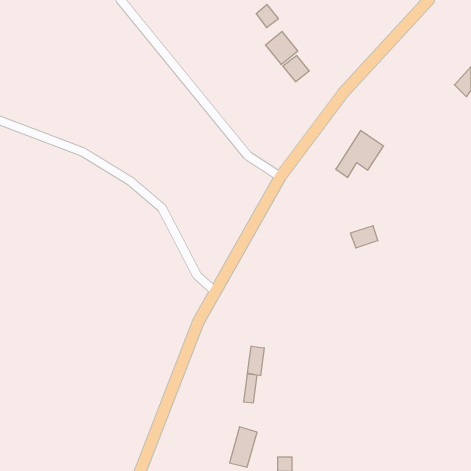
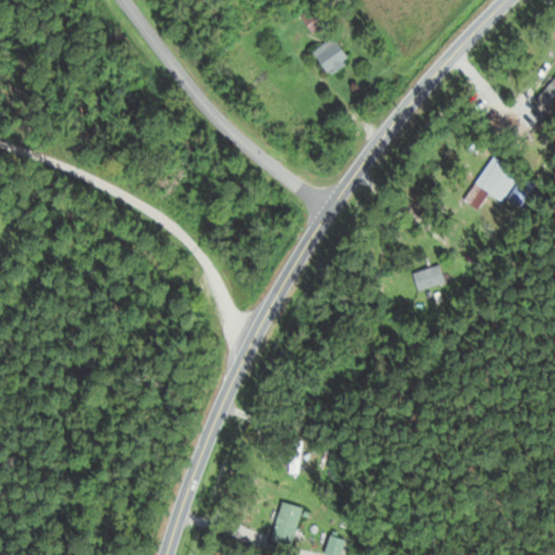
building: [283,55,309,82] -> none
building: [336,130,384,177] -> [464,155,520,210]
building: [247,346,264,376] -> none

